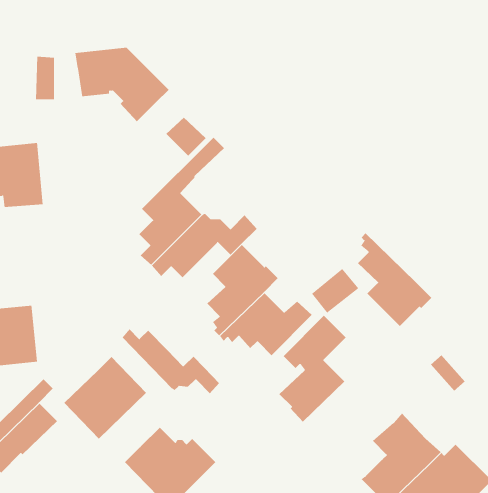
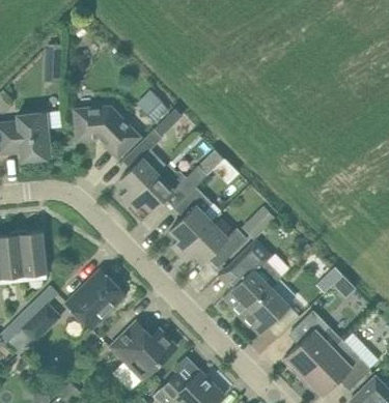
building: [74,47,169,122] -> [72,105,141,160]
building: [357,233,432,327] -> none
building: [122,329,220,394] -> none
building: none -> [240,288,289,336]

